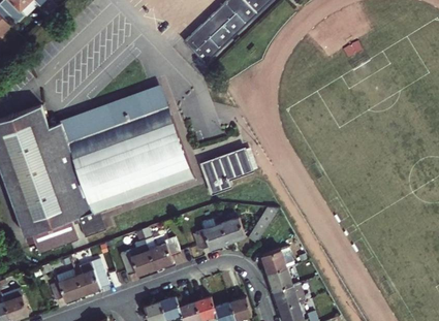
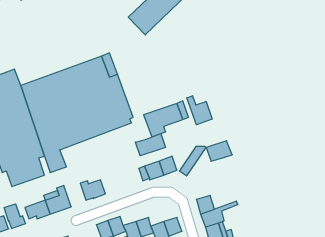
building: none -> [187,96,212,125]
building: none -> [135,134,165,156]
building: [148,237,180,265] -> none
building: [263,247,296,272] -> [206,141,232,161]
building: none -> [4,204,25,229]

